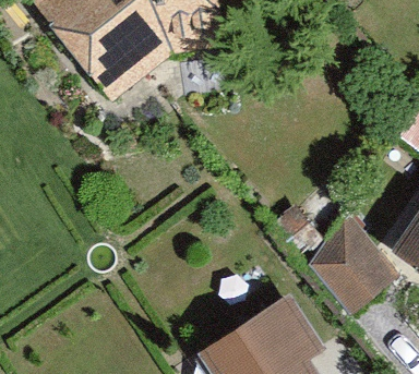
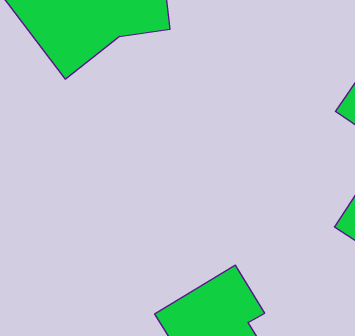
building: [312,212,396,316] -> none

